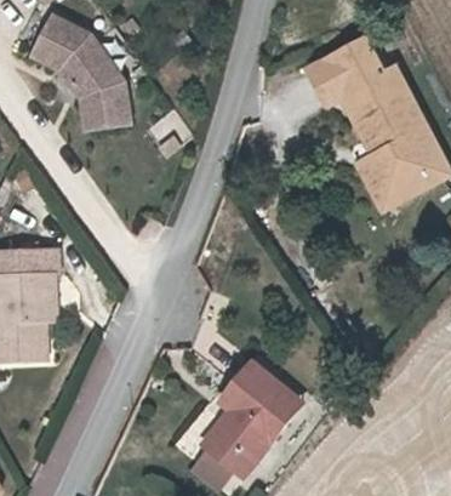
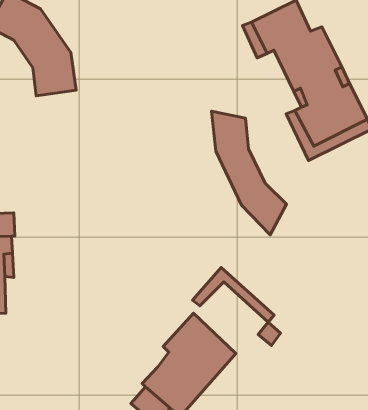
building: none -> [211,111,286,235]
building: none -> [192,268,274,322]

